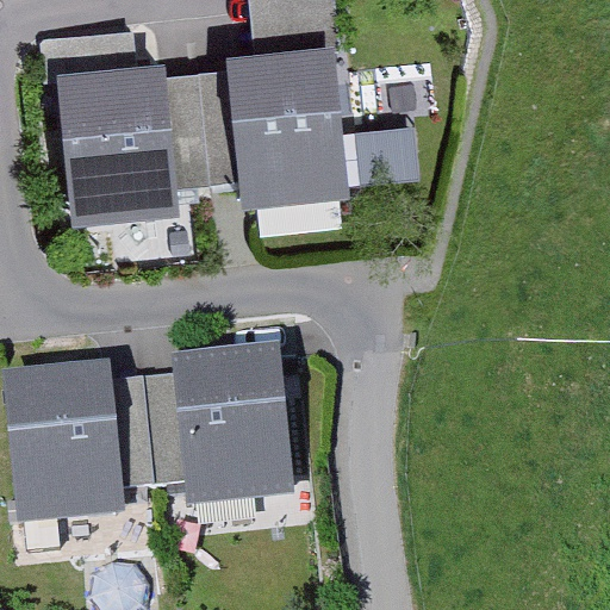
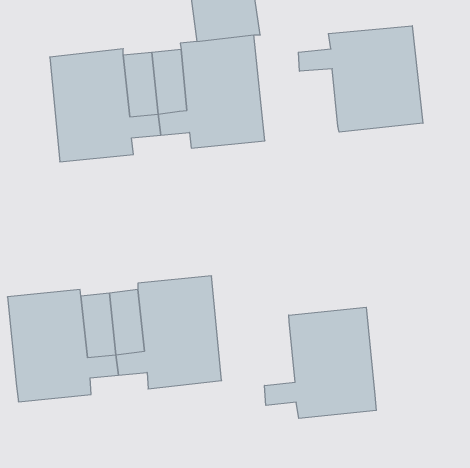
building: none -> [298,26,423,132]
building: none -> [265,307,376,418]

